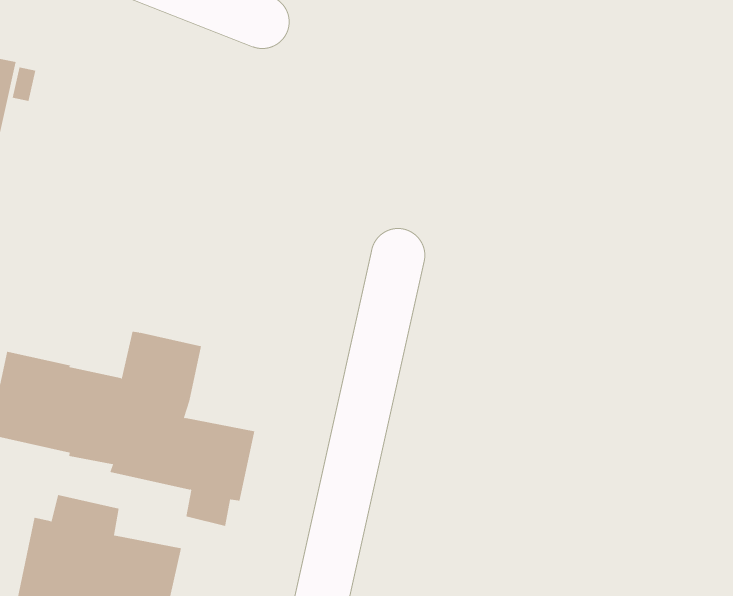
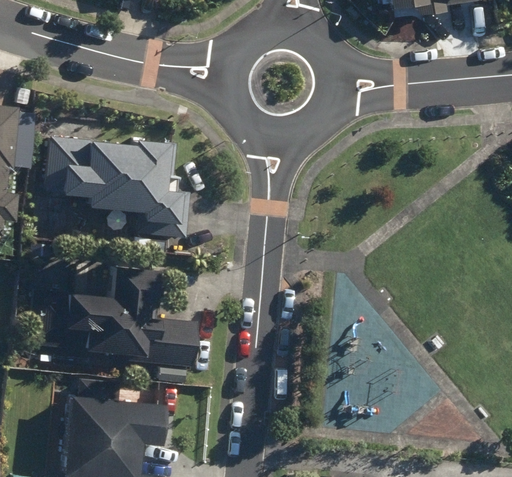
building: none -> [46,136,191,237]

